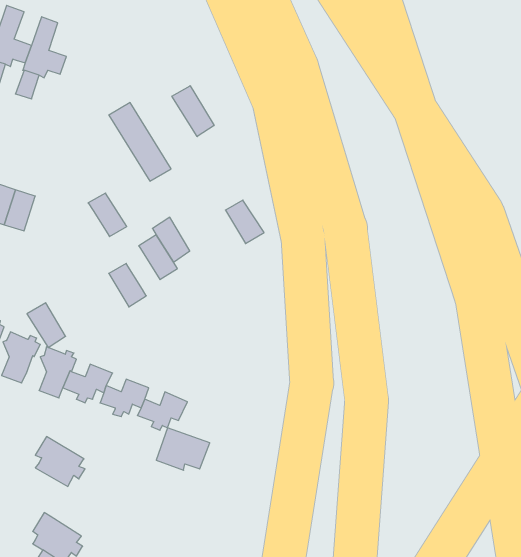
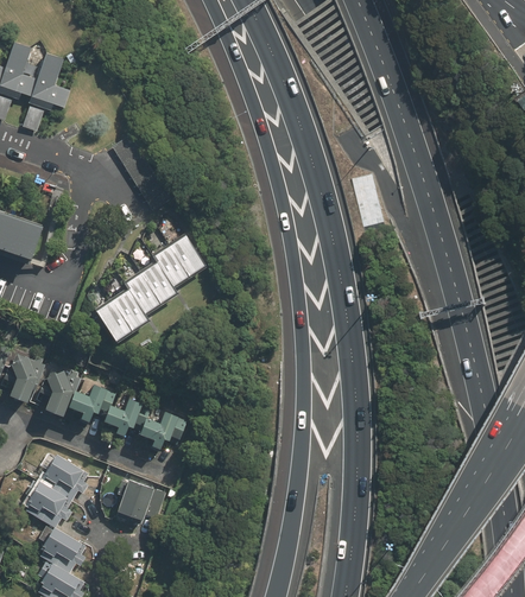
building: [172,86,214,137] -> none
building: [88,193,127,237] -> [124,272,160,313]
building: [225,200,264,244] -> [170,235,207,277]
building: [27,303,66,348] -> [94,298,131,341]
building: [156,428,210,470] -> [116,479,167,520]
building: none -> [25,481,72,529]

